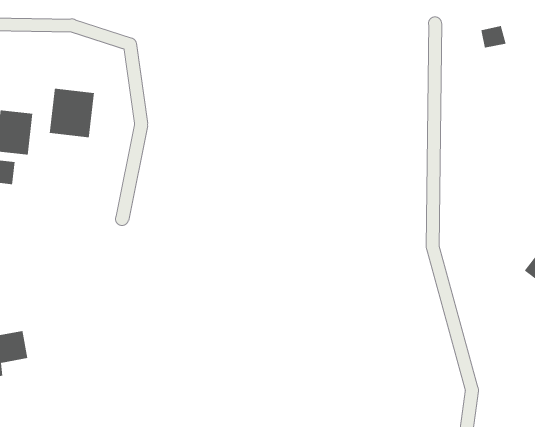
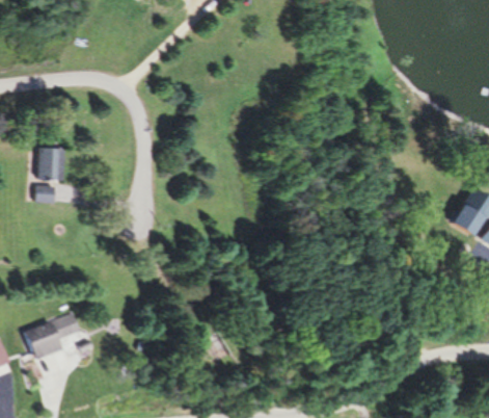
building: [49,88,95,138] -> none

